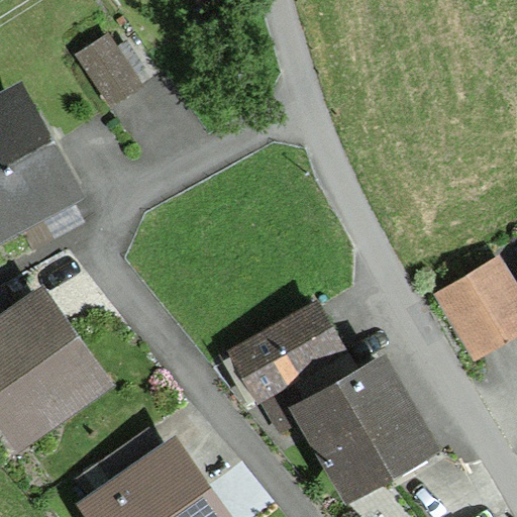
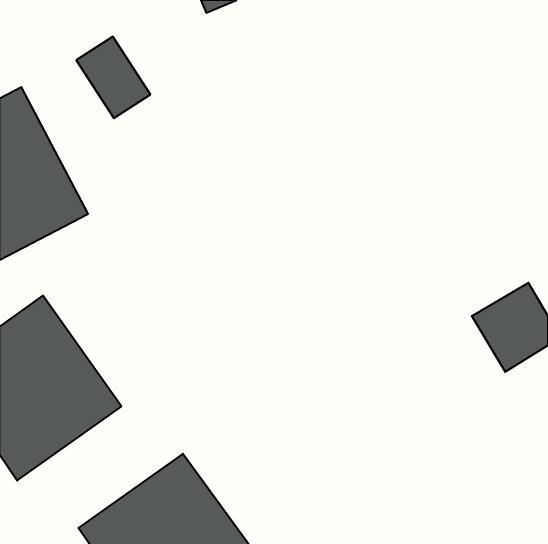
building: [219,299,345,405] -> none
building: [288,348,440,500] -> none

